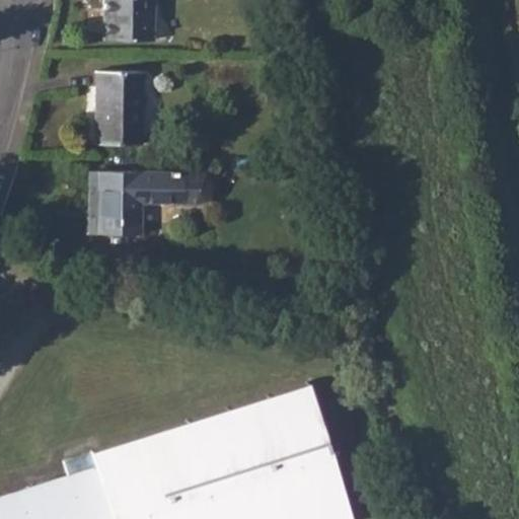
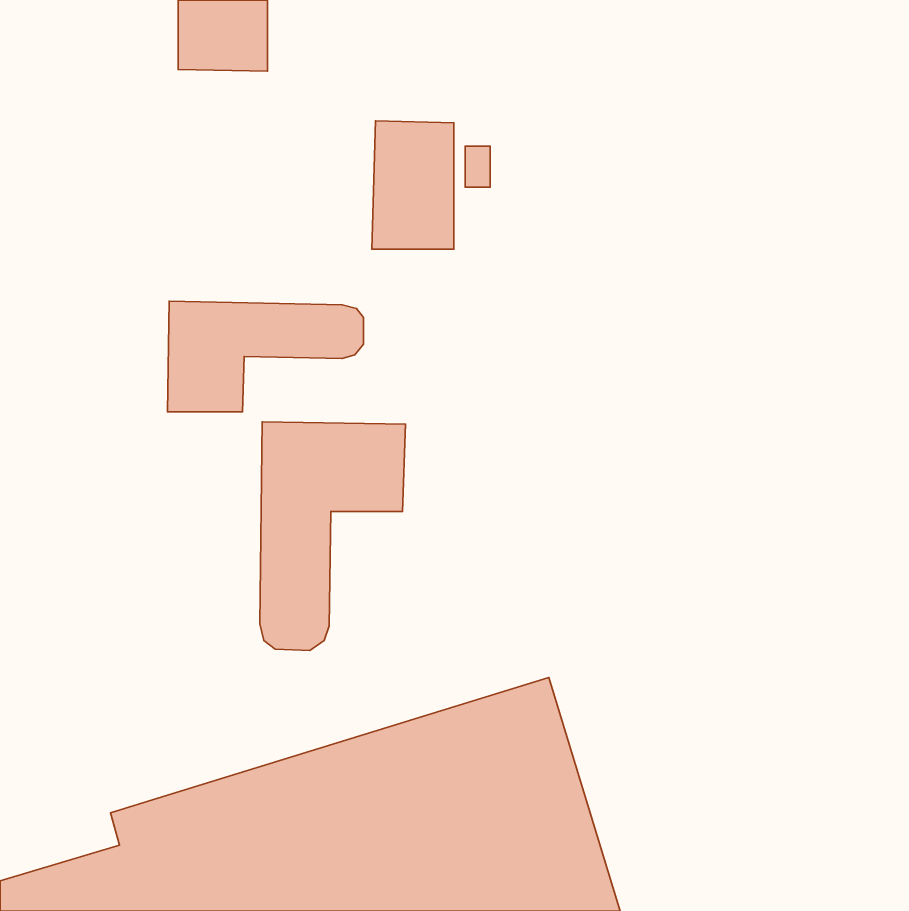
building: [94,71,141,144] -> [372,121,454,249]
building: none -> [260,422,406,650]

